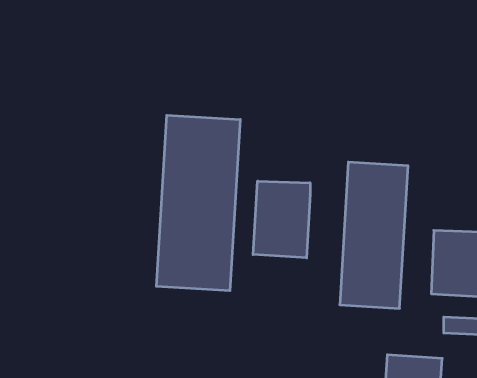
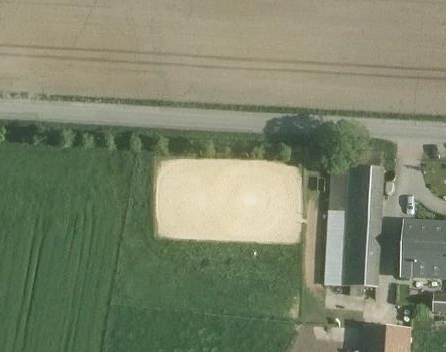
building: [156,115,240,291] -> none
building: [253,181,310,258] -> none

